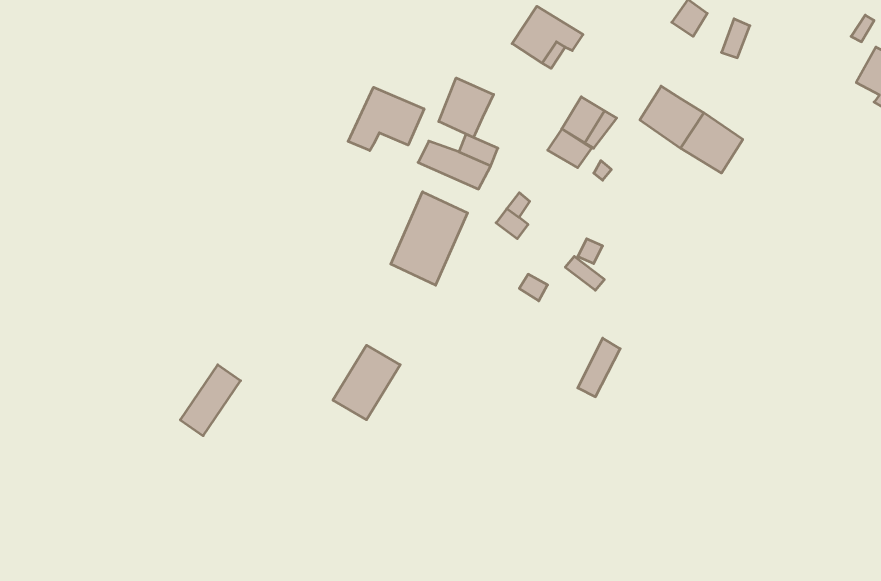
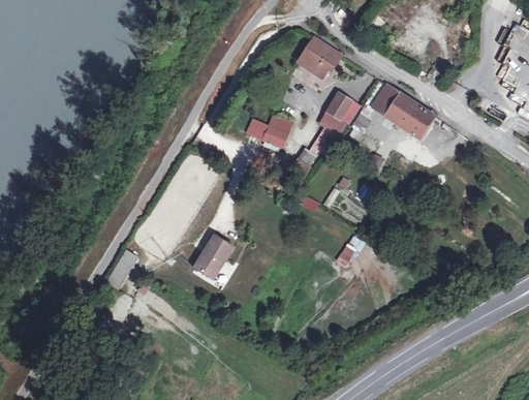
building: [439,78,494,137] -> none
building: [348,87,424,151] -> none
building: [391,192,468,285] -> none

